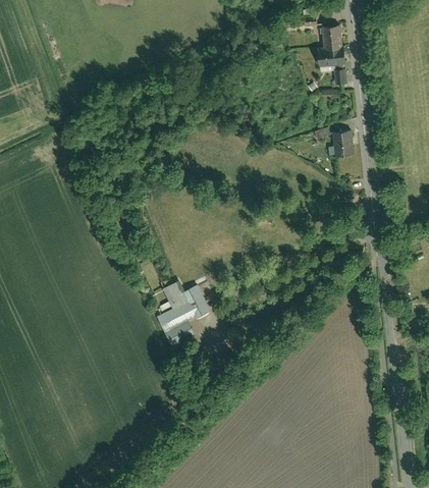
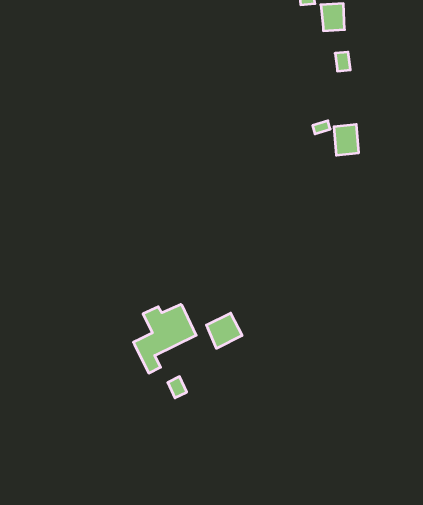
building: [317,46,343,65] -> none
building: none -> [206,313,242,348]

